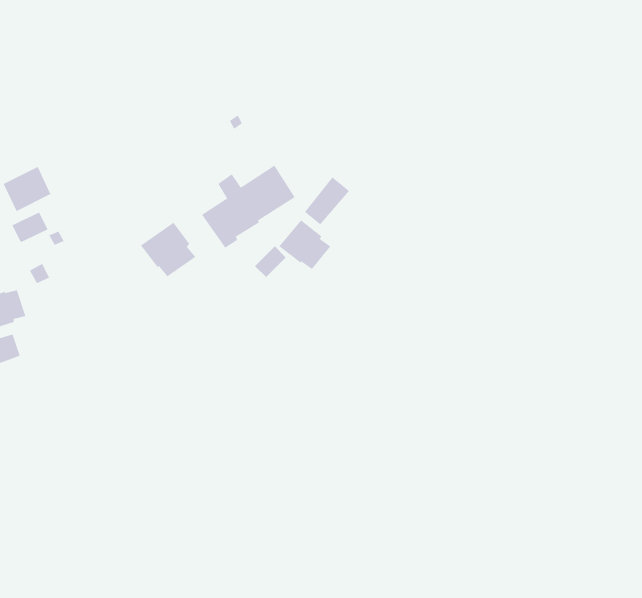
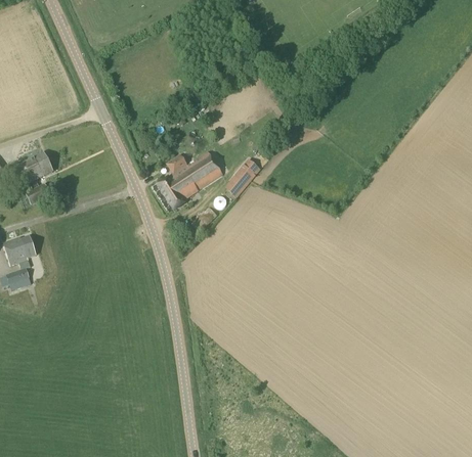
building: [279,219,331,270] -> none
building: [140,222,196,277] -> none

